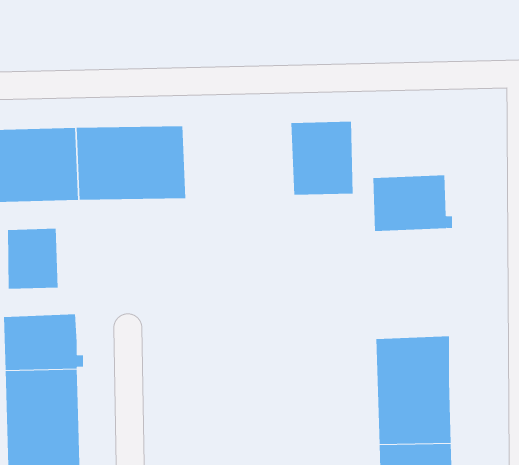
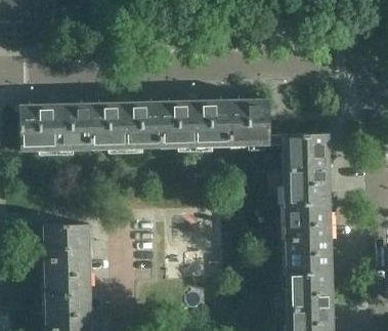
building: none -> [158,99,229,149]
building: [8,228,58,290] -> none
building: none -> [282,168,331,240]

